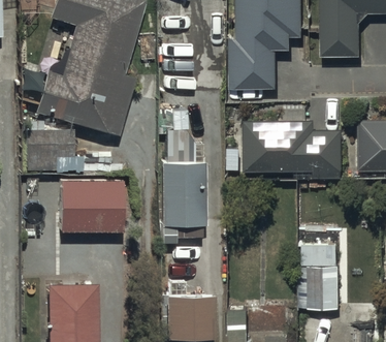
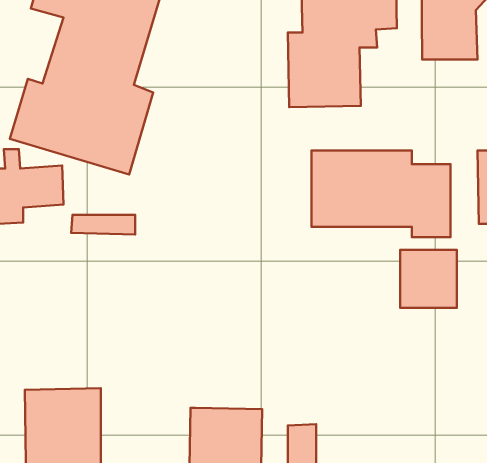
building: [156,102,204,225] -> none
building: [60,181,121,232] -> none
building: [297,267,336,307] -> [400,250,457,308]

